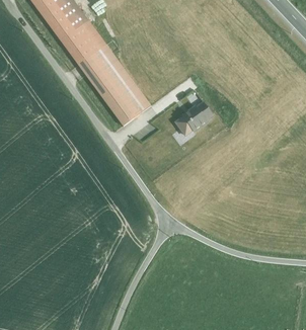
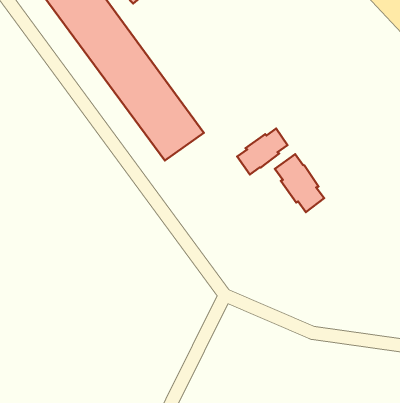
building: none -> [275,154,324,212]

